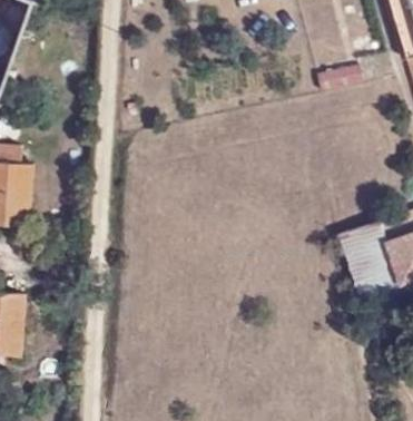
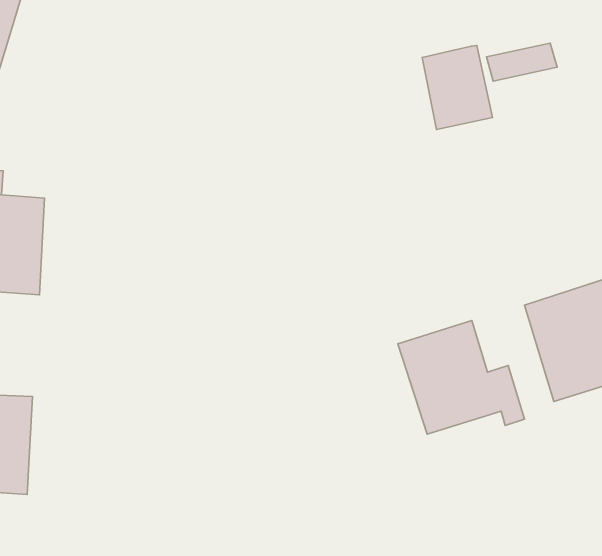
building: none -> [422,46,492,130]
building: none -> [398,321,524,434]

